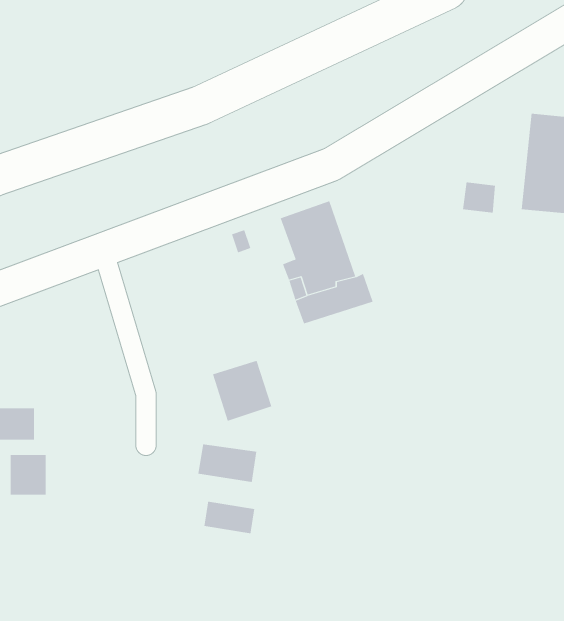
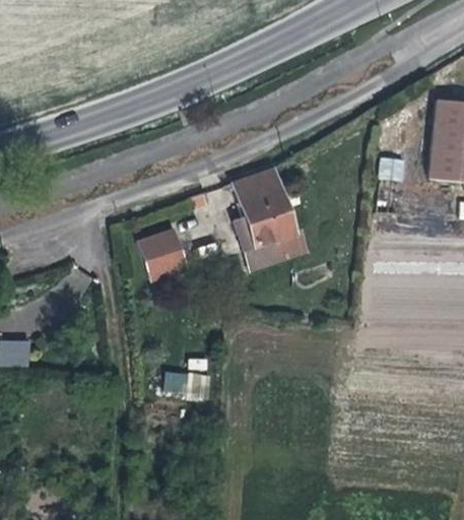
building: [212,360,272,421] -> [139,230,188,279]
building: [10,454,46,496] -> none
building: [204,501,255,534] -> none

